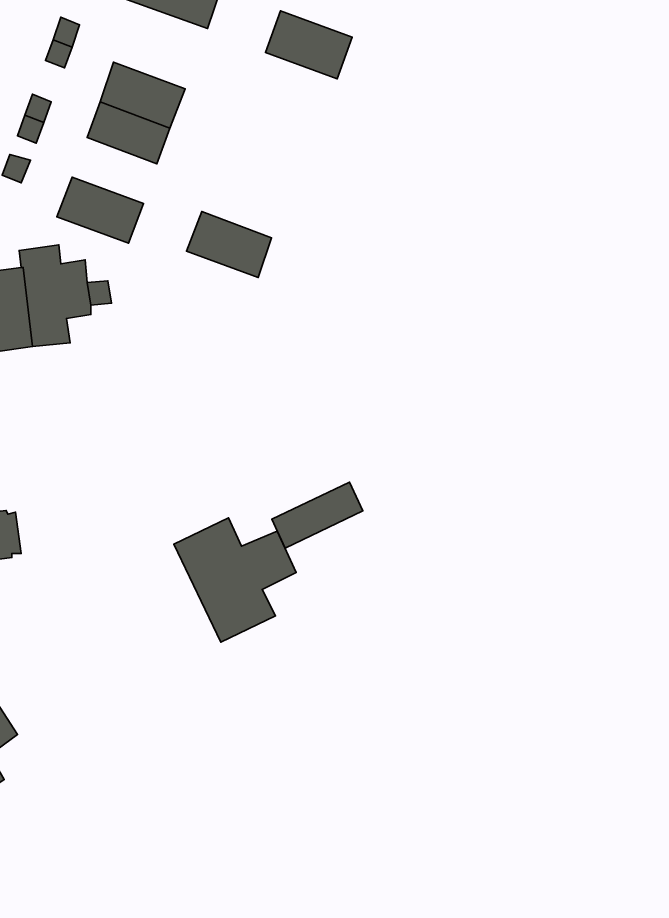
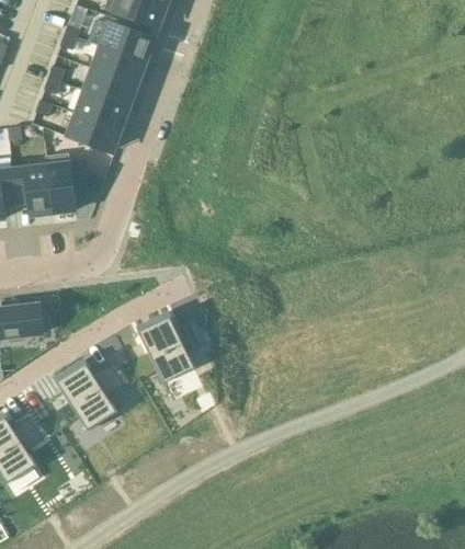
building: [266,11,352,79] -> [101,21,151,60]
building: [187,212,271,277] -> [77,89,126,127]
building: [272,482,363,548] -> none
building: none -> [54,356,128,428]

